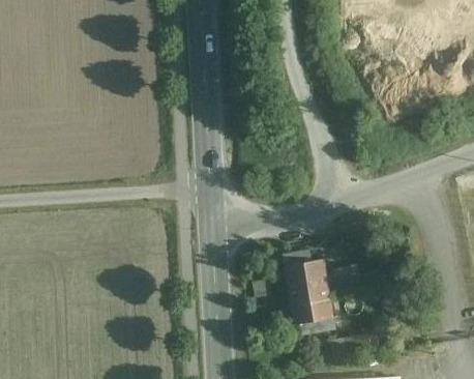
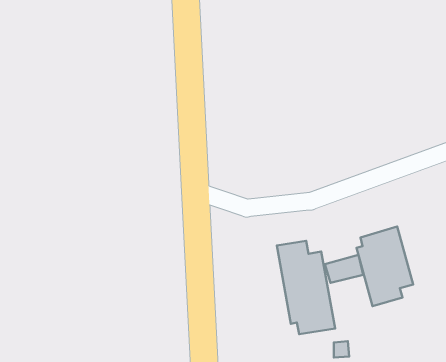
building: none -> [357,227,413,306]

